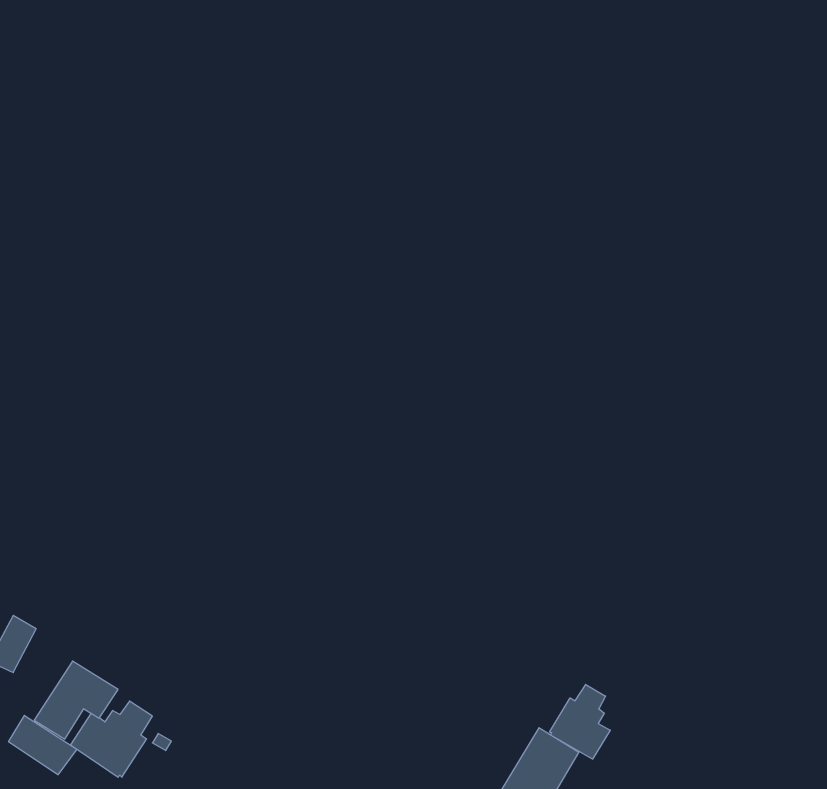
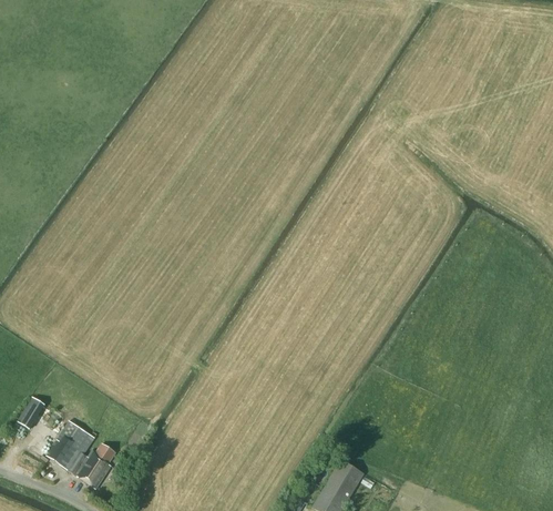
building: [549,684,610,759] -> none
building: [9,715,77,775] -> none

